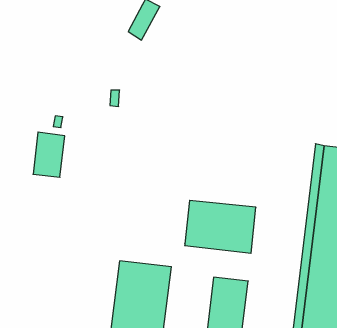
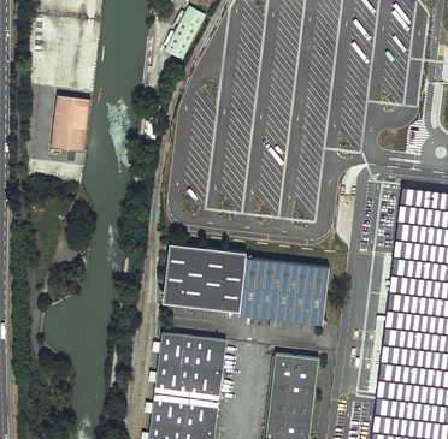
building: [33,132,65,177] -> [49,94,89,150]
building: none -> [164,245,246,313]

